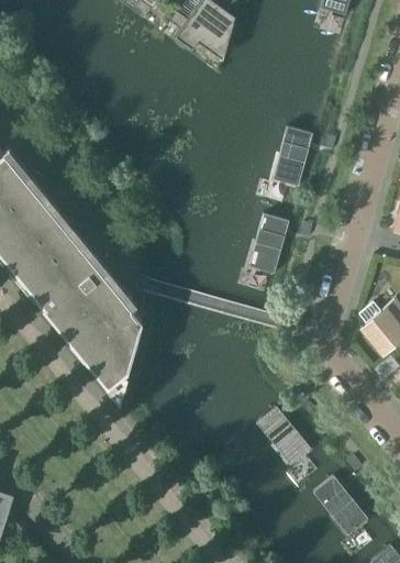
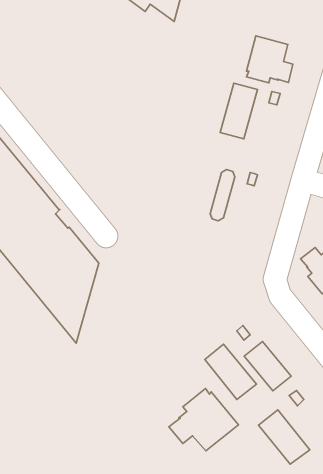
building: none -> [246,36,293,83]
building: none -> [244,341,291,391]
building: none -> [169,388,238,451]

